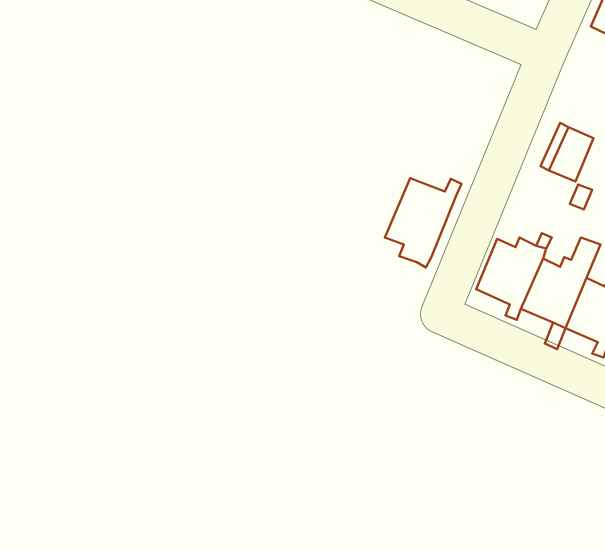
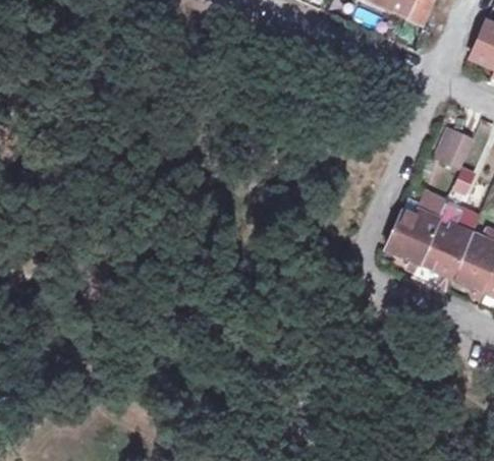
building: [385,178,462,267] -> none

